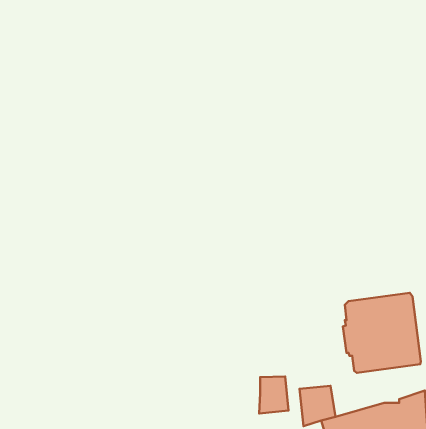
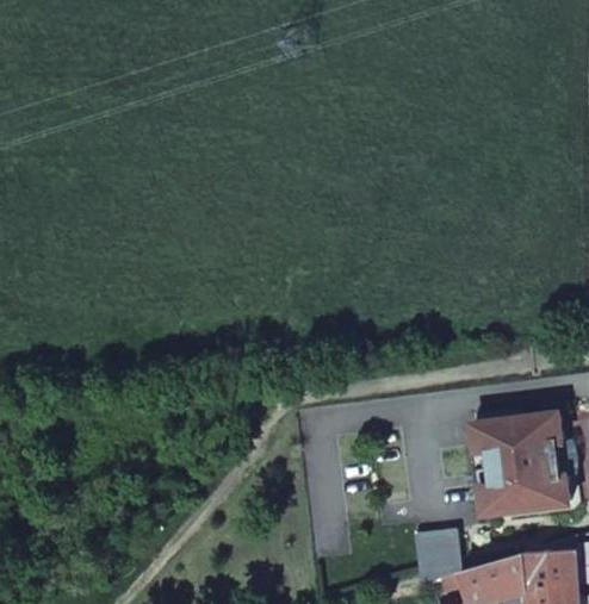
building: [259,377,289,414] -> none

